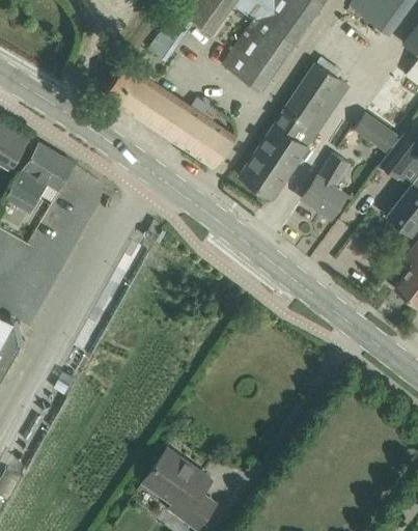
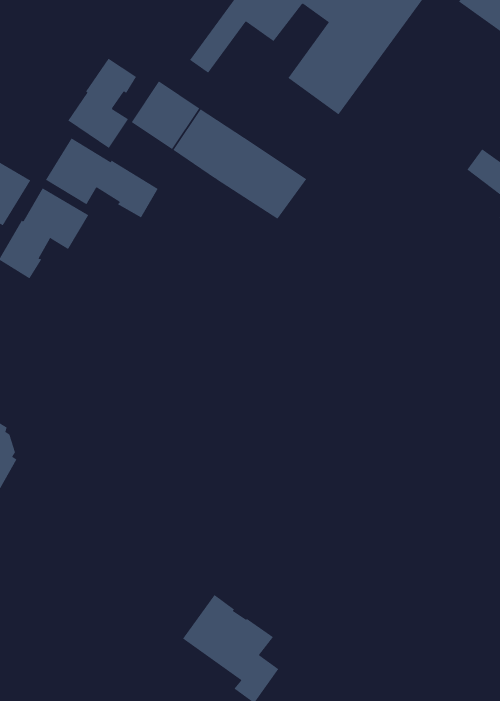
building: none -> [68,58,137,149]
building: [240,64,338,199] -> none
building: none -> [45,137,159,218]
building: [303,155,351,218] -> none

